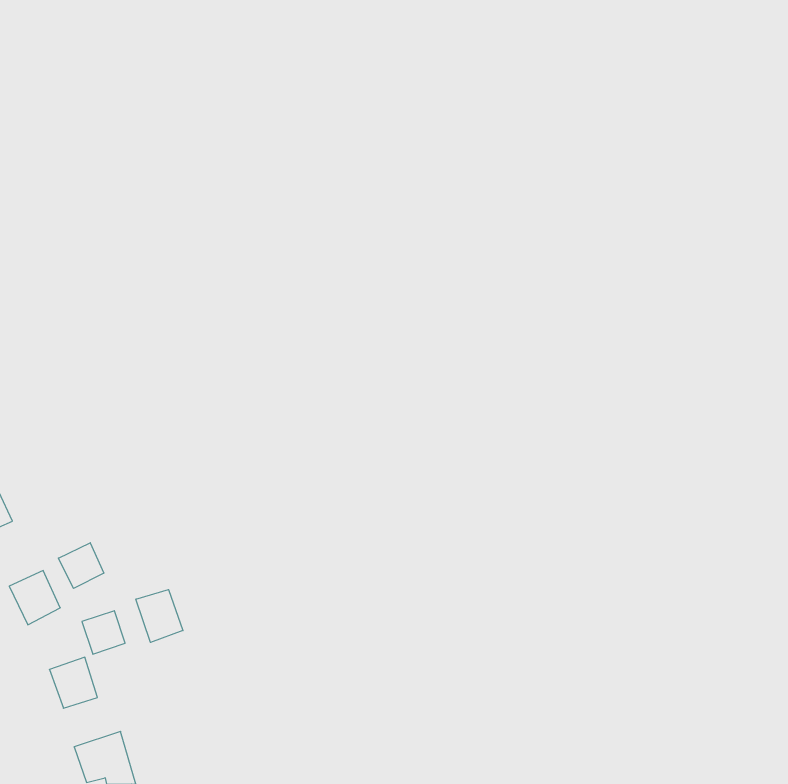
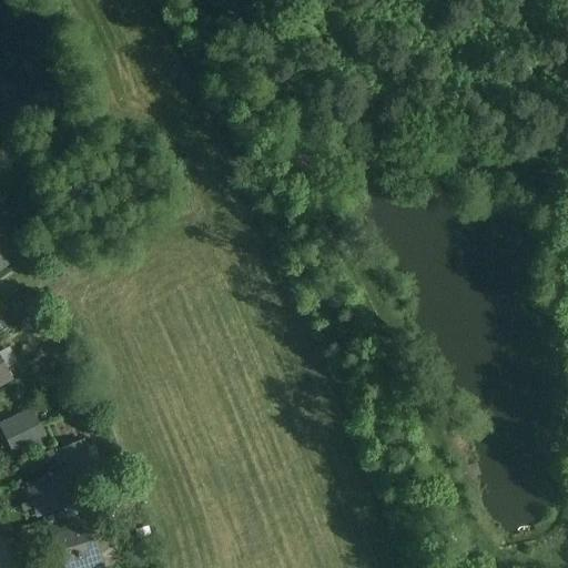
building: [58,543,104,588] -> none
building: [136,590,183,642] -> none

